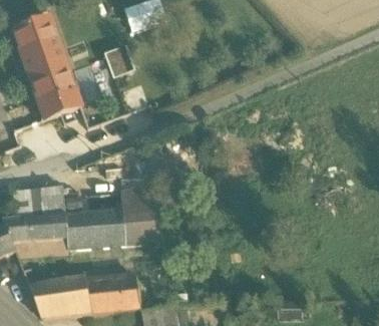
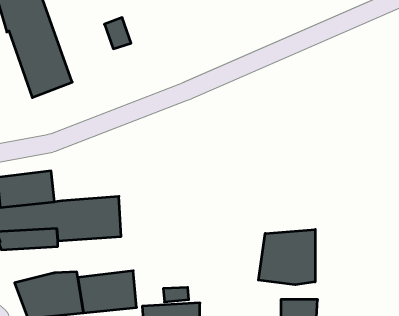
building: [121,193,154,245] -> none
building: none -> [258,229,315,285]

